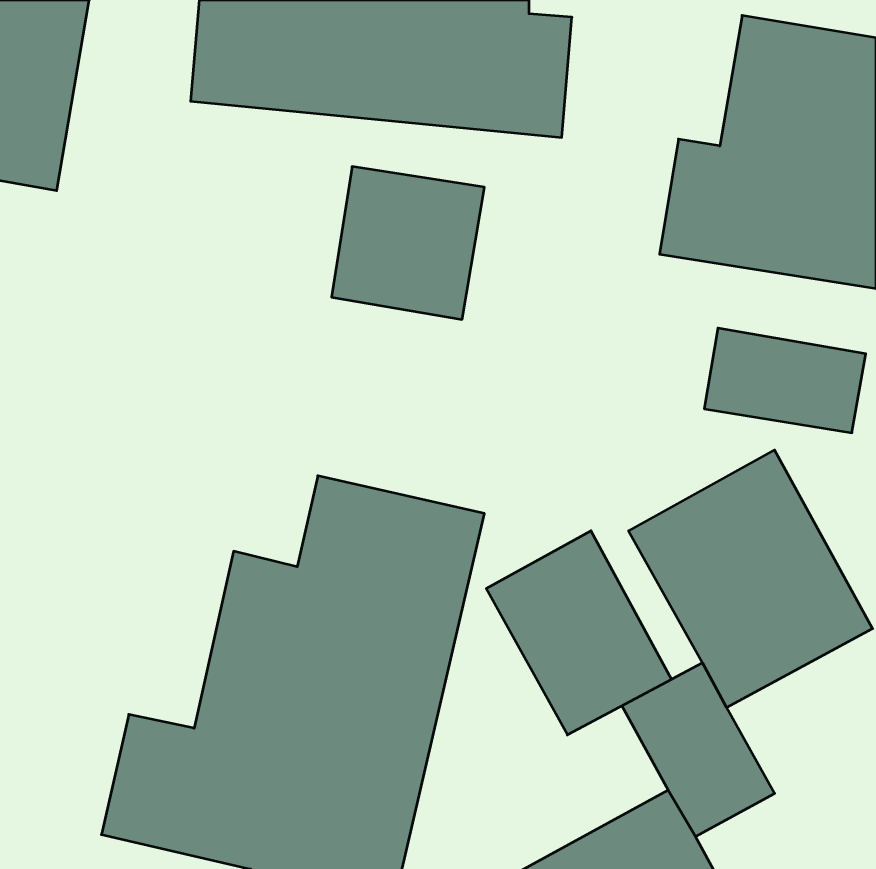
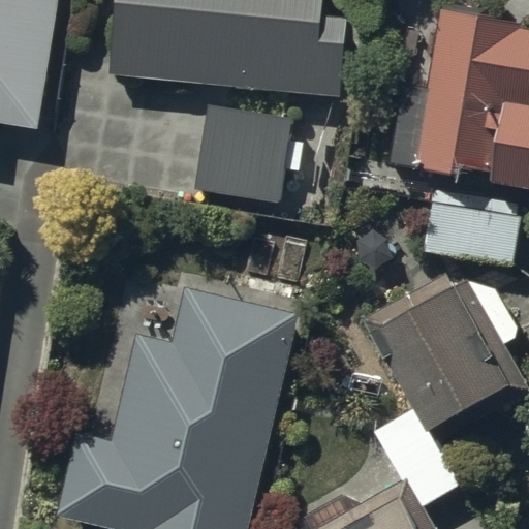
building: [486,531,671,735] -> none

